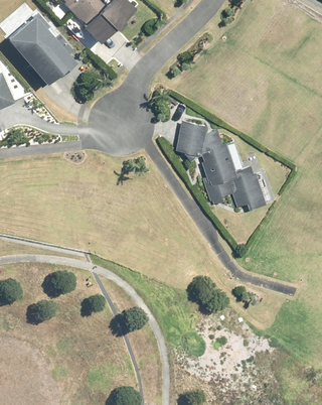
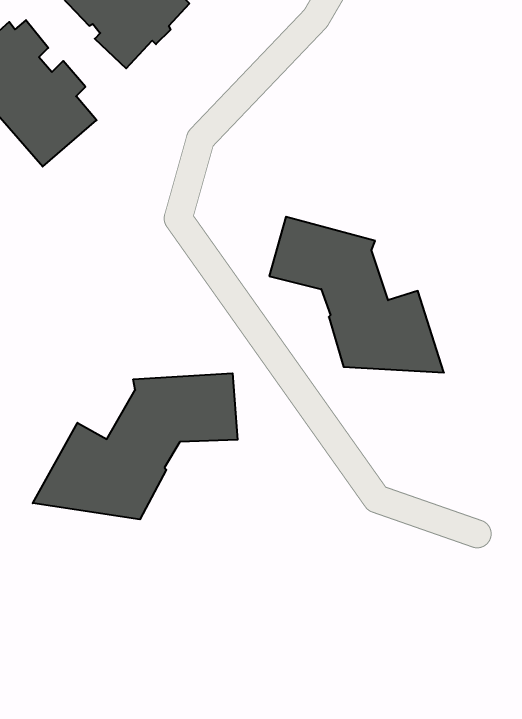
building: none -> [33,373,238,519]

